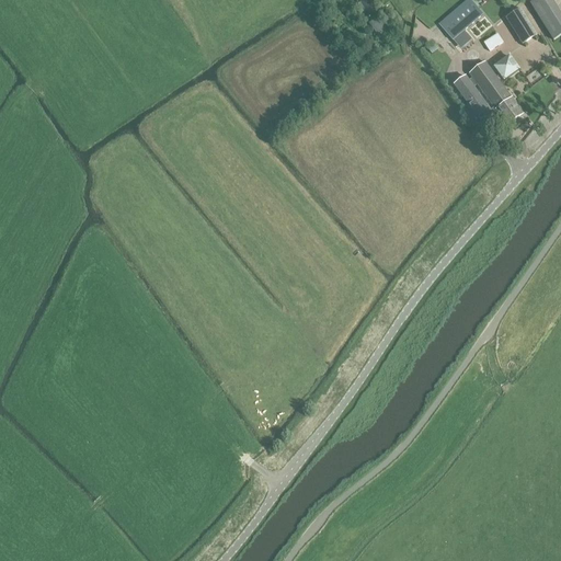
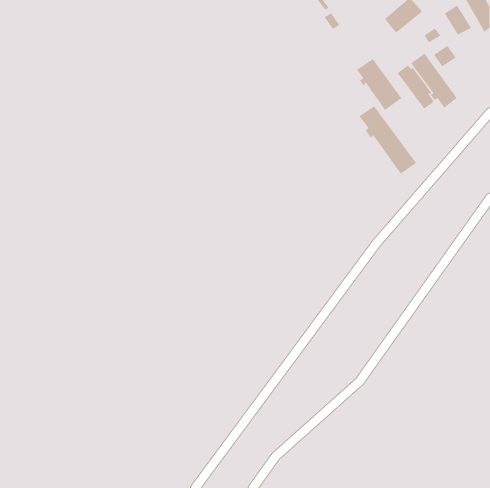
building: none -> [356,58,402,111]
building: none -> [359,105,417,174]

